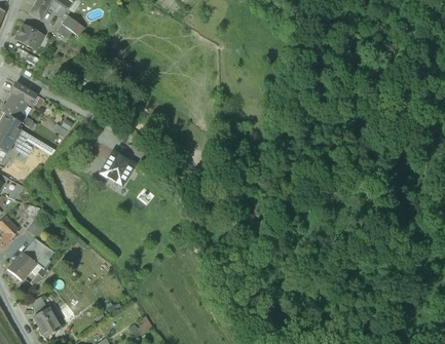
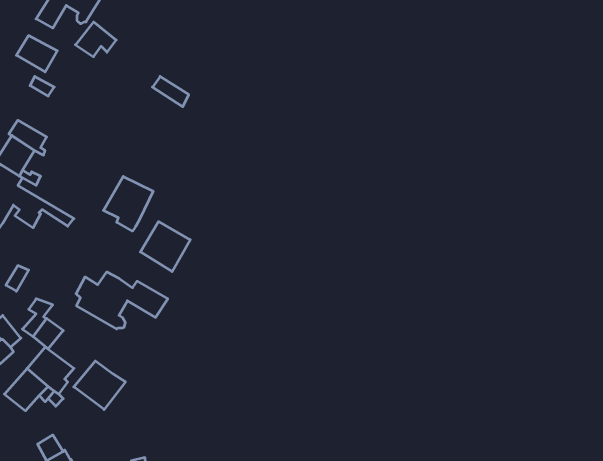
building: none -> [103,176,153,231]
building: none -> [76,272,168,329]
building: none -> [74,361,125,410]

